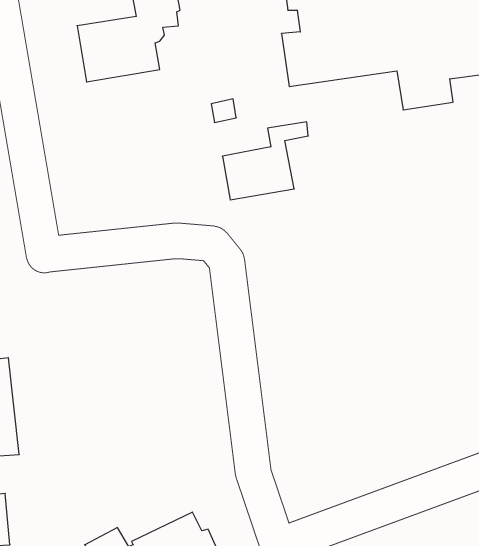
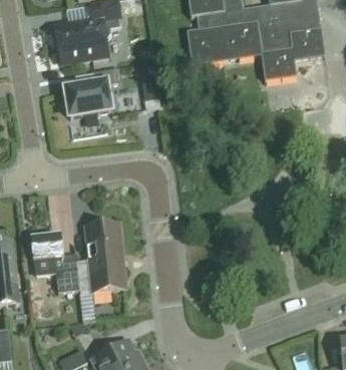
building: [222,122,308,200] -> [65,68,120,118]
building: none -> [30,224,126,293]

